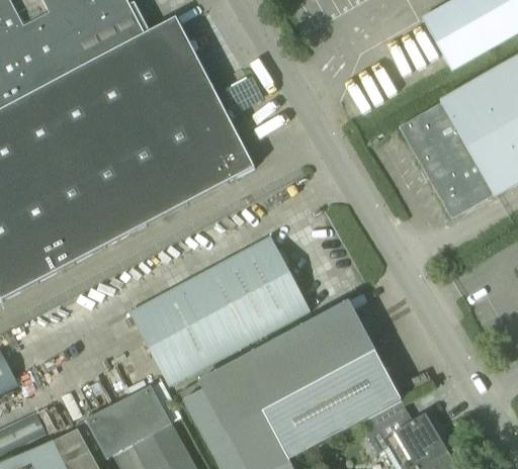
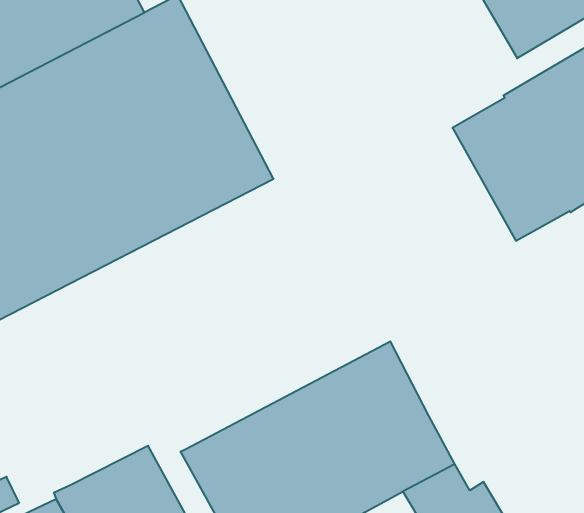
building: [128,236,310,386] -> none

